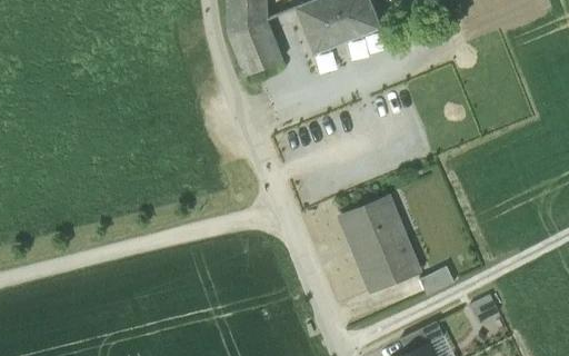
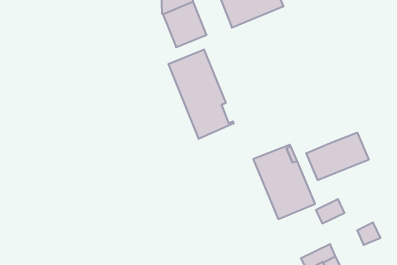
building: none -> [168,49,234,139]
building: none -> [306,133,369,180]

